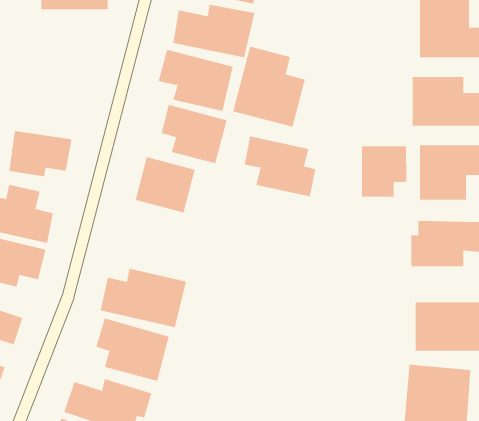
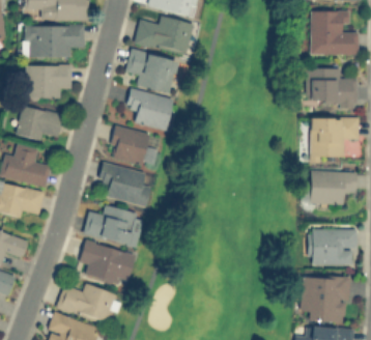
building: none -> [24,25,84,58]
building: [233,46,305,128] -> none
building: none -> [26,66,72,98]
building: [244,136,316,197] -> [98,163,150,206]
building: [362,145,407,198] -> none

